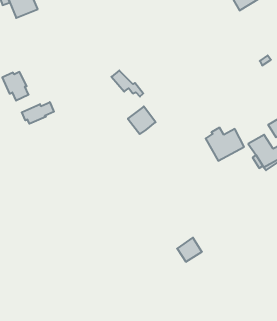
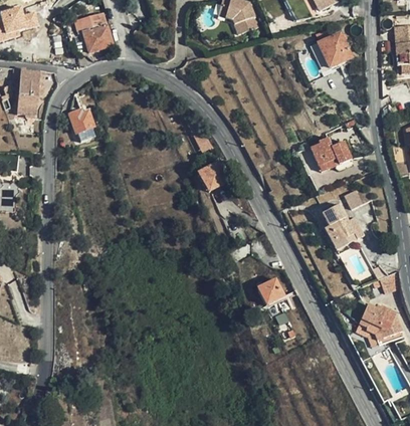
building: [22,102,54,124] -> none
building: [206,128,244,161] -> [313,137,353,172]
building: [177,238,202,262] -> [257,278,283,303]

